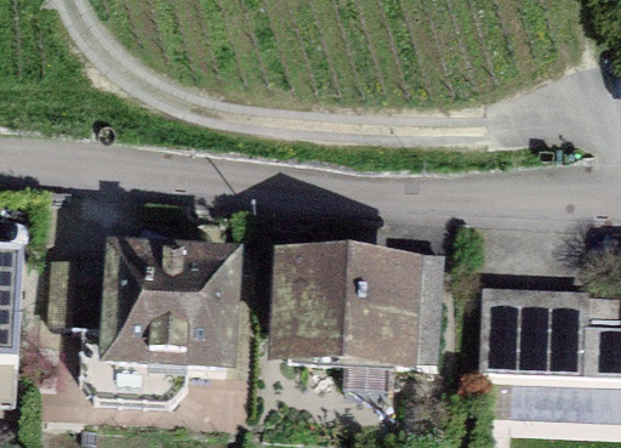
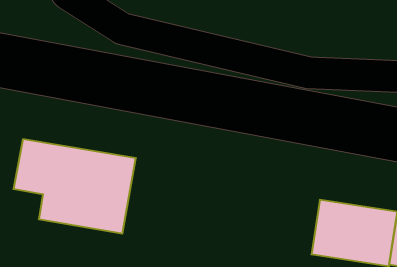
building: [272,255,441,365] -> none

